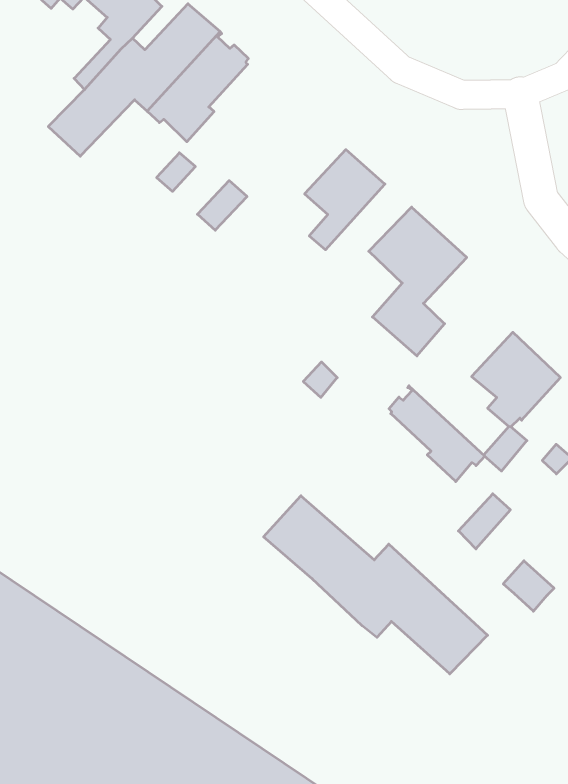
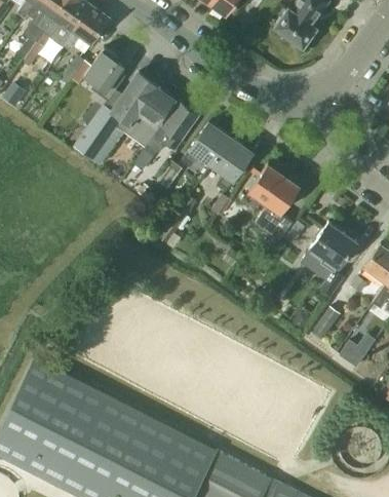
building: none -> [148,105,198,152]
building: none -> [182,123,230,166]
building: [389,386,485,482] -> none
building: [264,496,488,674] -> none

